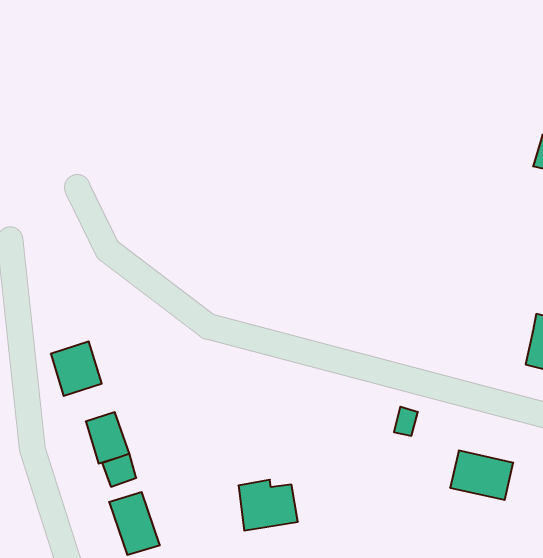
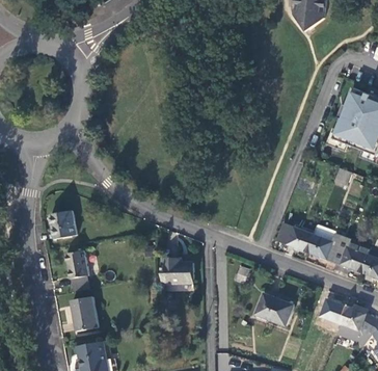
building: none -> [277,223,314,251]
building: [238,480,298,530] -> [160,257,190,283]

